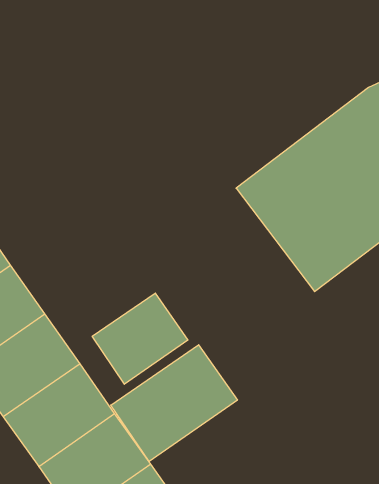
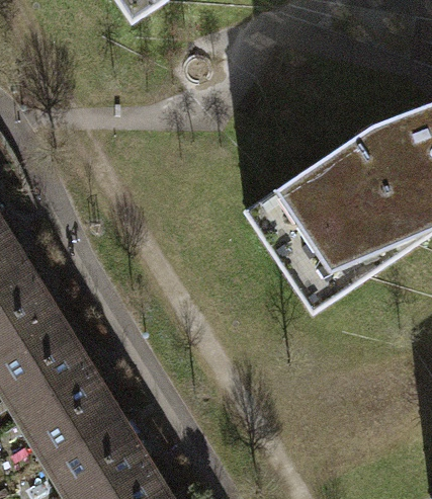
building: [92,293,188,384] -> none
building: [111,345,237,462] -> none

